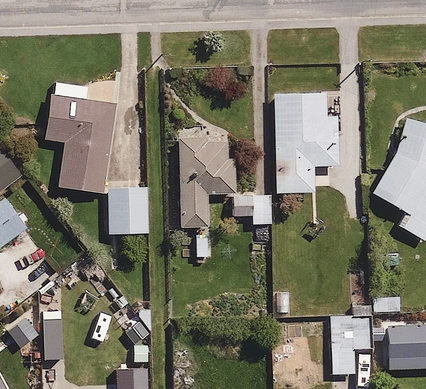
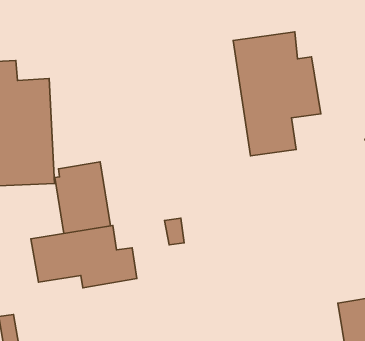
building: [178,128,271,227] -> none
building: none -> [31,226,137,288]

